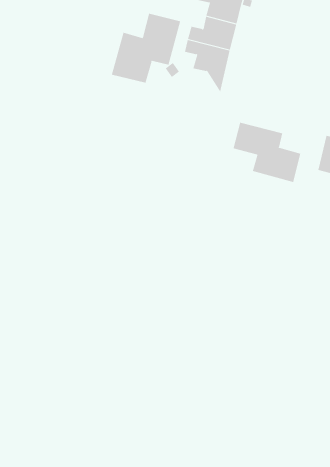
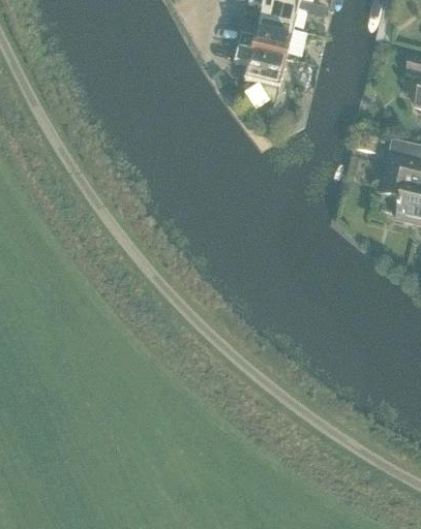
building: [111,13,181,84] -> none
building: [233,122,301,183] -> none

